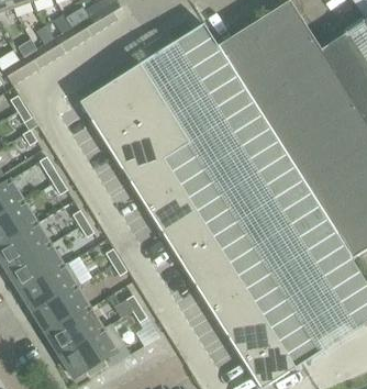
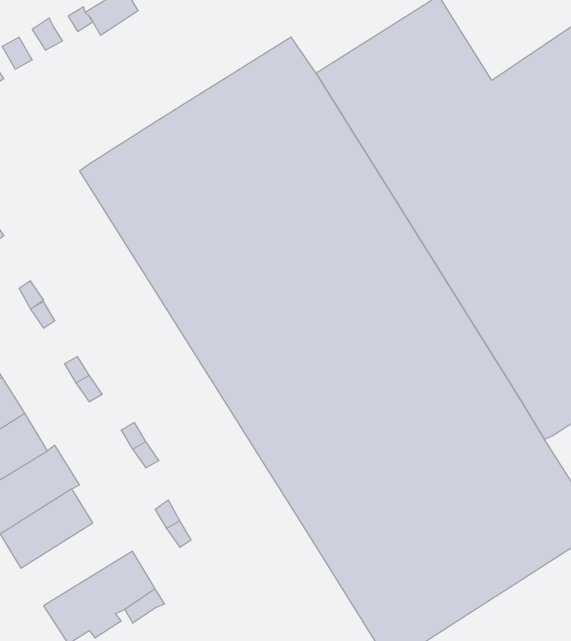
building: [46,305,101,353] -> none

